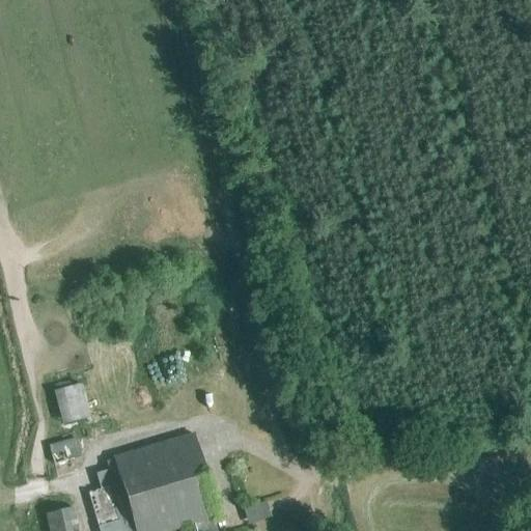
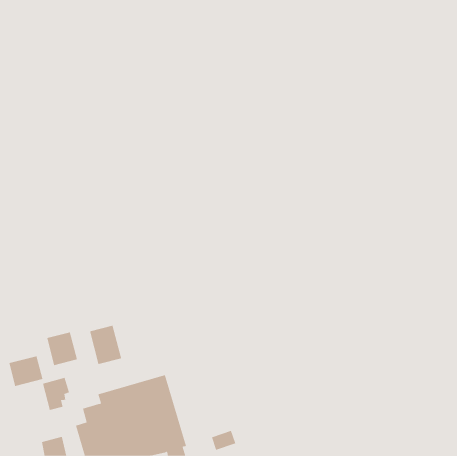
building: none -> [90,325,122,365]
building: none -> [9,355,43,387]

